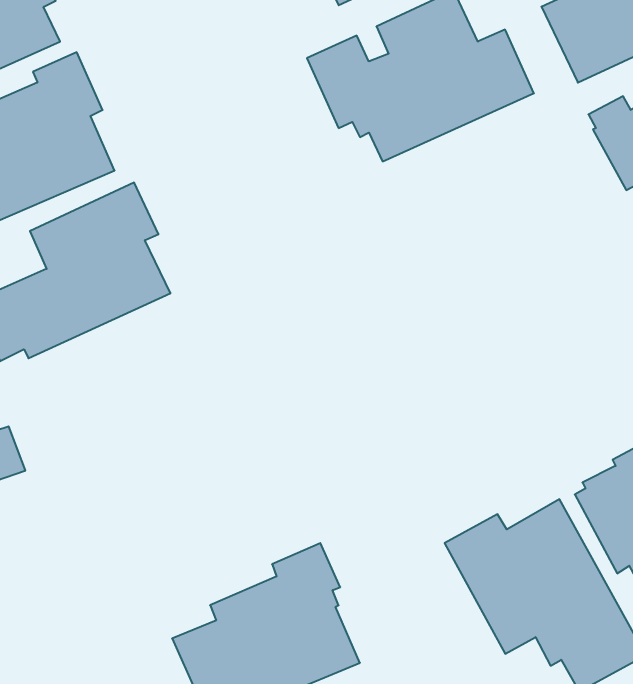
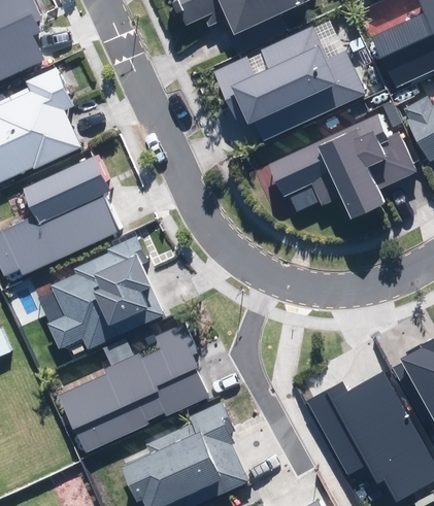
building: none -> [268,115,415,220]
building: none -> [38,236,163,349]
building: none -> [58,322,208,453]

